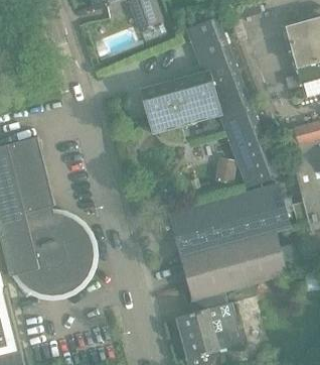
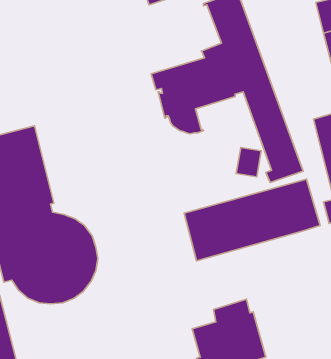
building: [180,231,286,301] -> none

